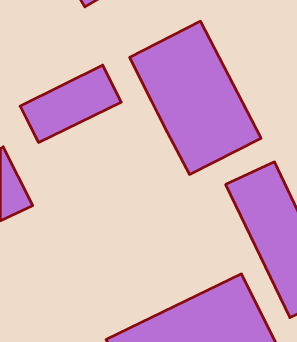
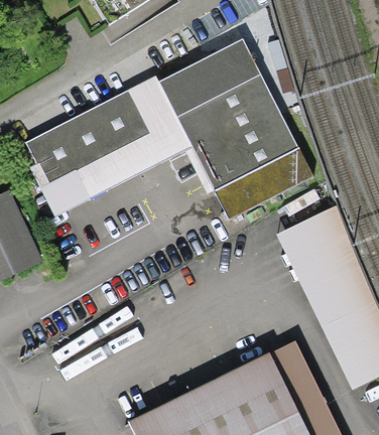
building: none -> [25,78,190,218]

